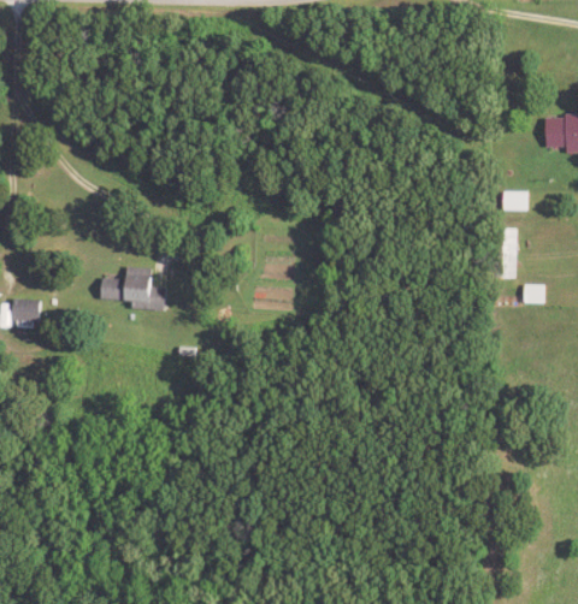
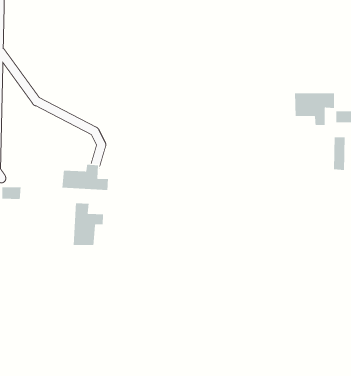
building: none -> [294,92,335,126]
building: none -> [73,203,104,246]

